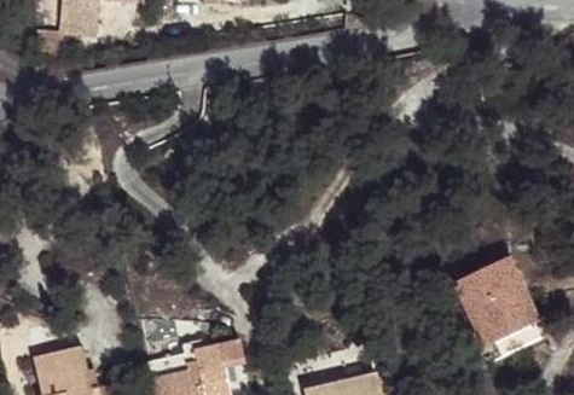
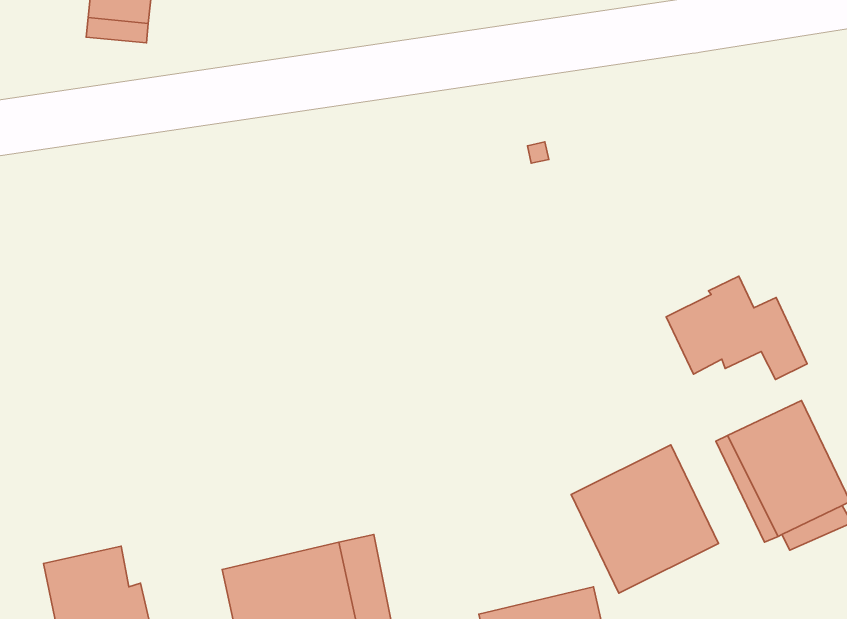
building: none -> [666,276,807,379]
building: none -> [571,445,718,593]

